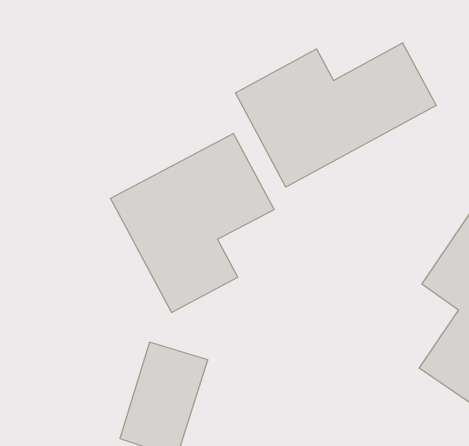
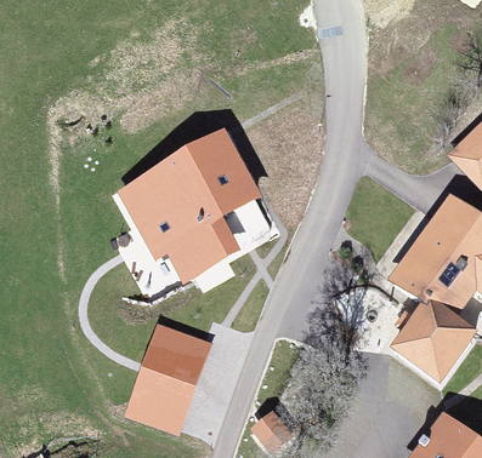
building: [235,43,436,187] -> none

